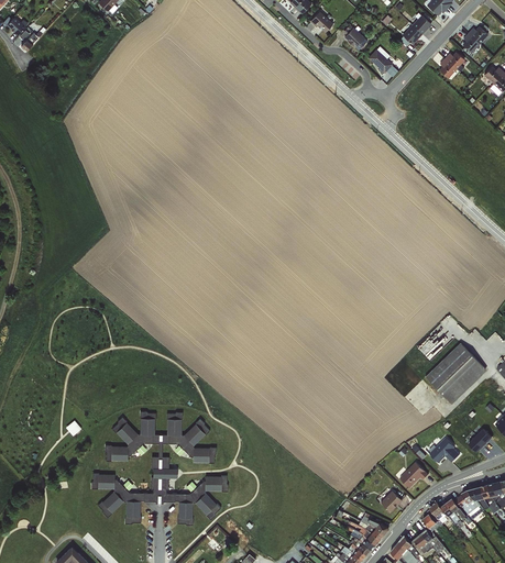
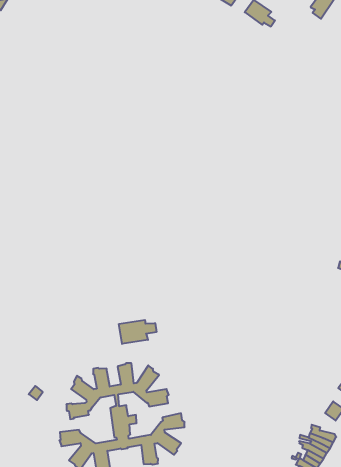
building: none -> [119,320,156,344]

